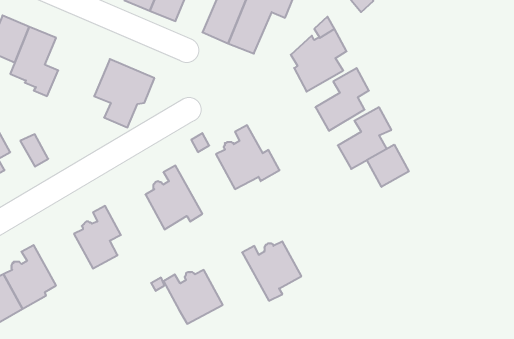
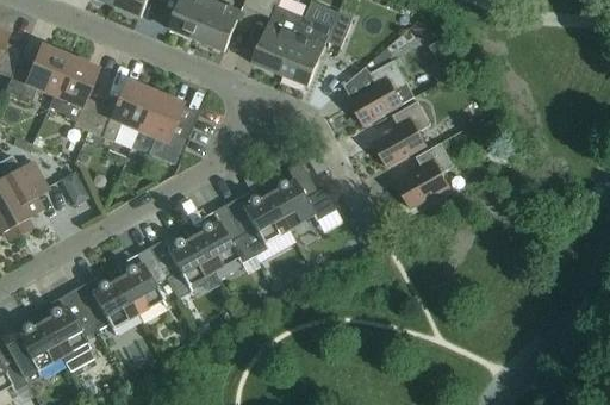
building: none -> [87,79,154,141]
building: [367,145,409,187] -> none
building: none -> [73,276,136,331]
building: [242,241,301,301] -> [224,192,287,255]
building: [164,270,223,324] -> [149,235,212,292]

